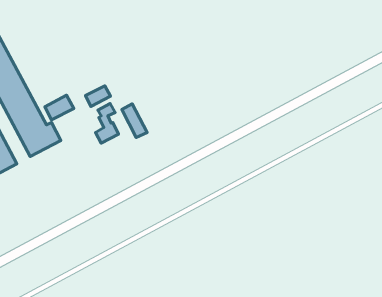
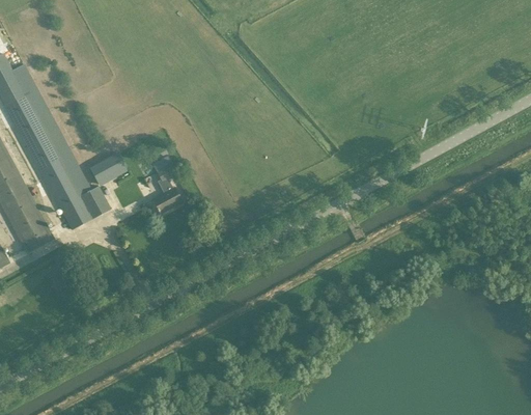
building: [85,86,111,107] -> none
building: [122,104,147,138] -> none

